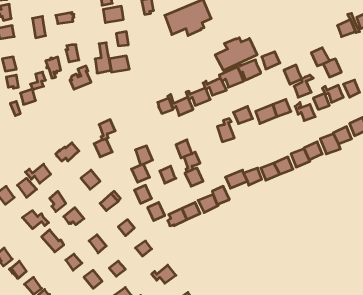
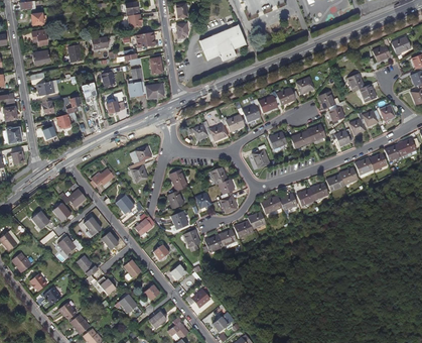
building: [215,38,257,70] -> none

